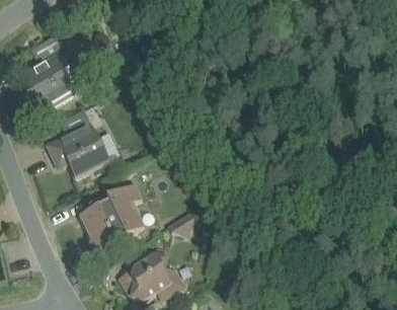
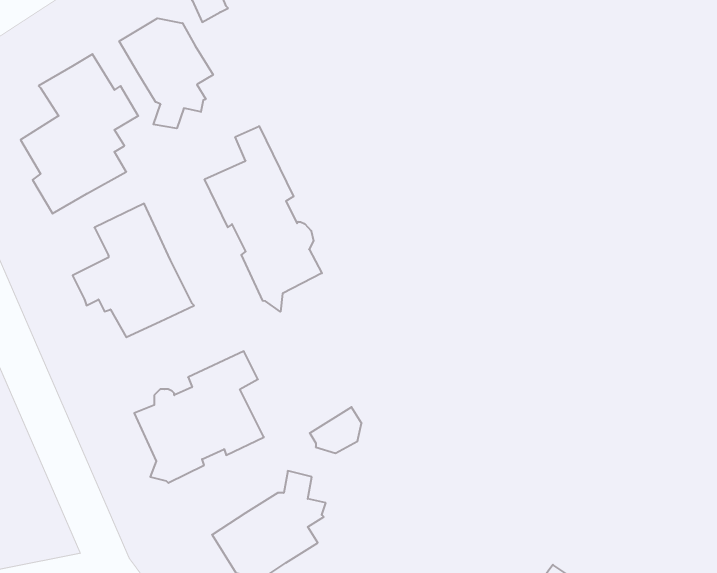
building: none -> [119,18,213,128]
building: none -> [205,126,322,312]

